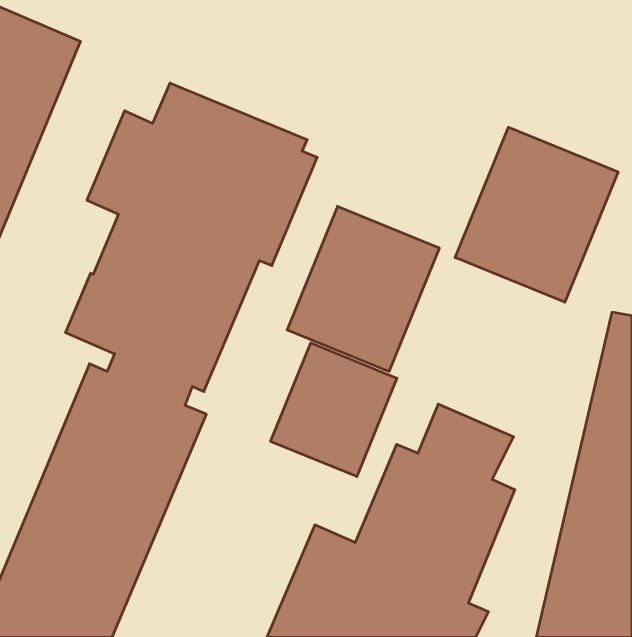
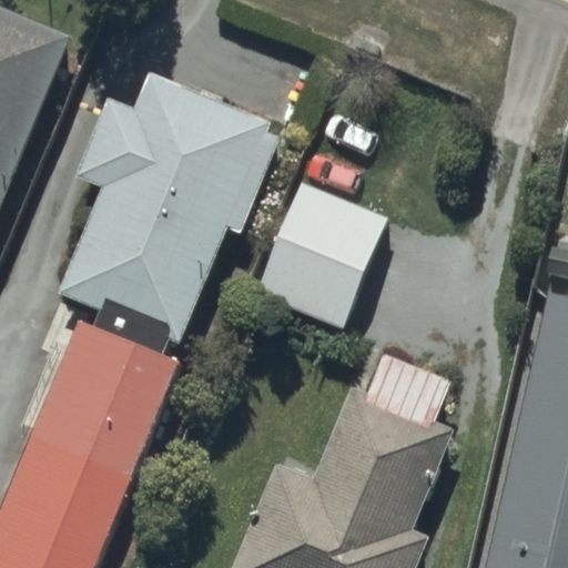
building: [455,127,618,302] -> none
building: [271,343,397,477] -> none

